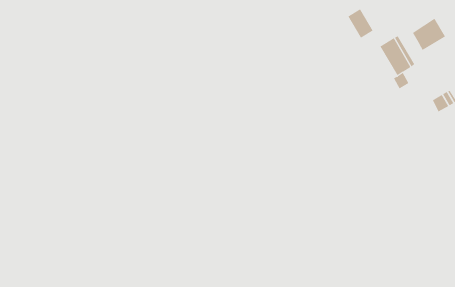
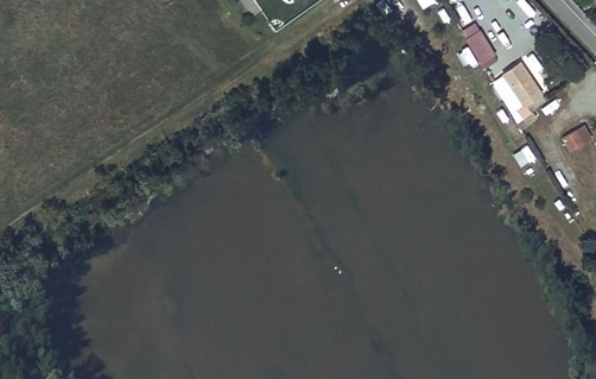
building: [412,18,446,51] -> none

